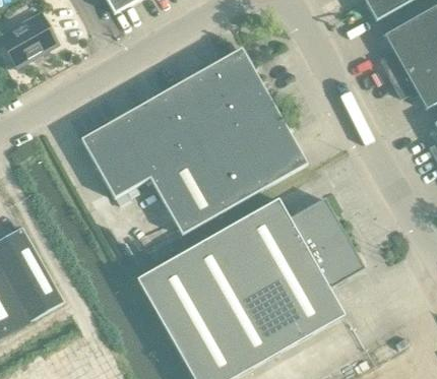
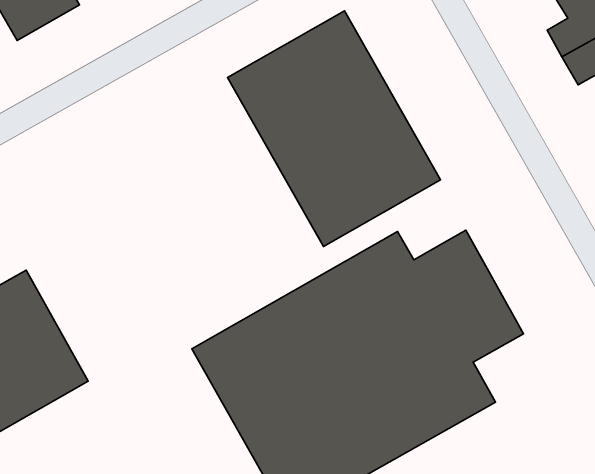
building: [81,91,228,233] -> none

